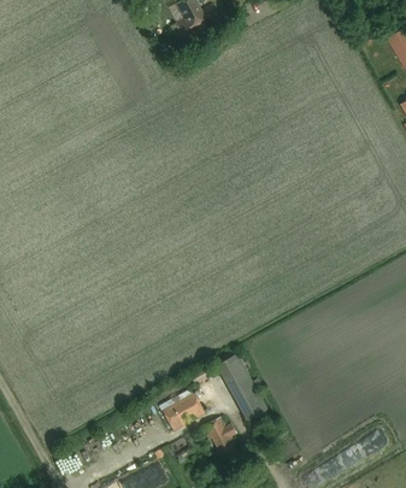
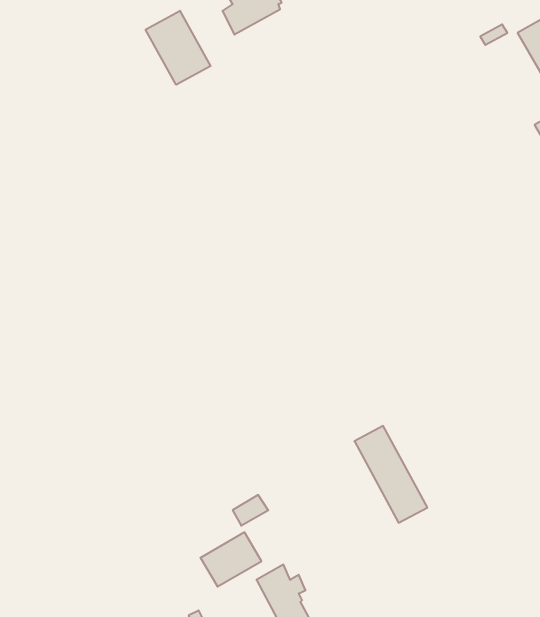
building: none -> [146,11,211,85]
building: [217,349,269,418] -> [354,426,427,523]

